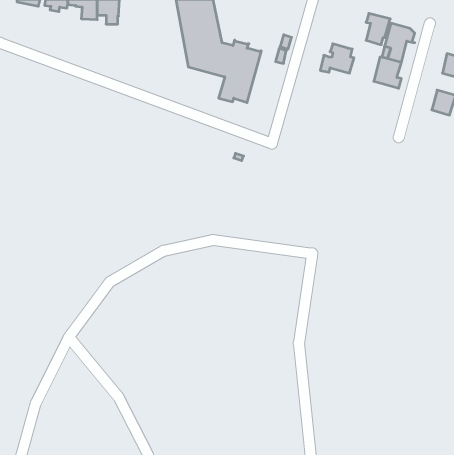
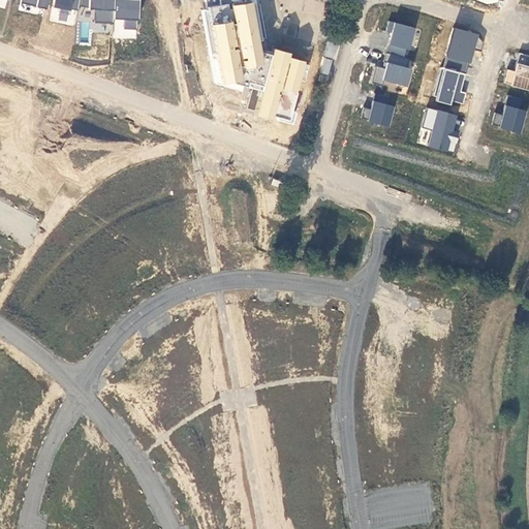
building: [366,13,390,45] -> [387,20,415,56]
building: none -> [371,101,398,126]
building: none -> [423,105,459,151]

